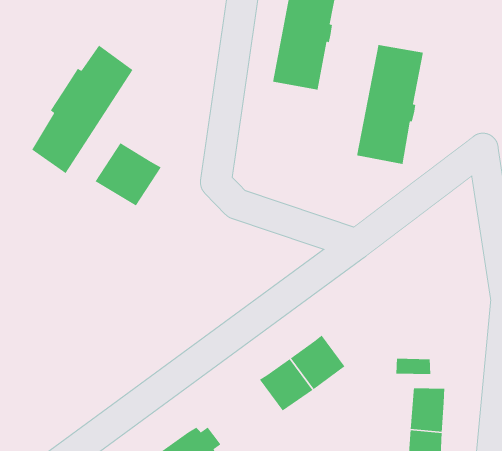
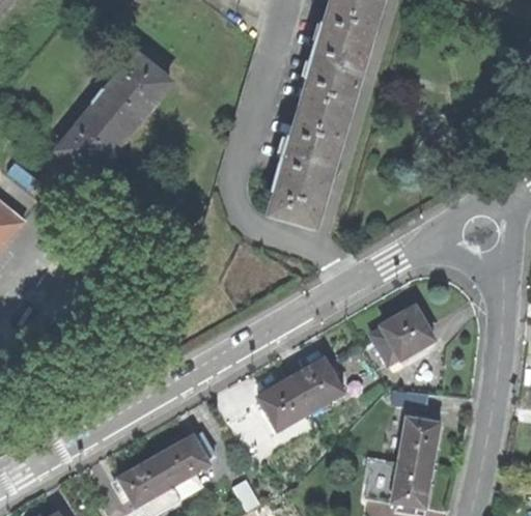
building: [356,44,424,165] -> [268,109,343,228]
building: [95,142,162,207] -> none
building: none -> [369,303,432,363]

